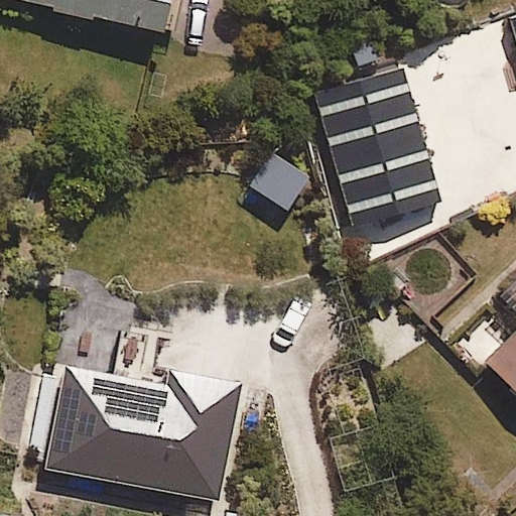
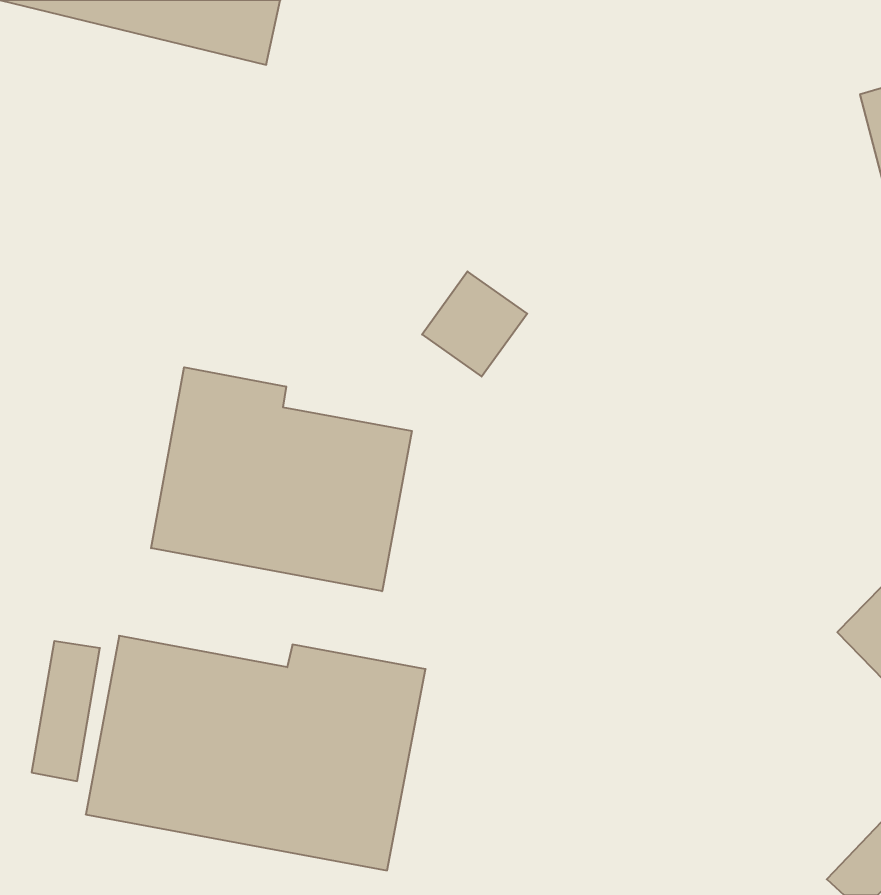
building: [313,33,442,228] -> none
building: none -> [151,367,412,591]

